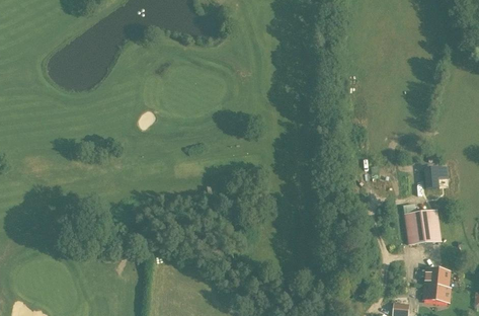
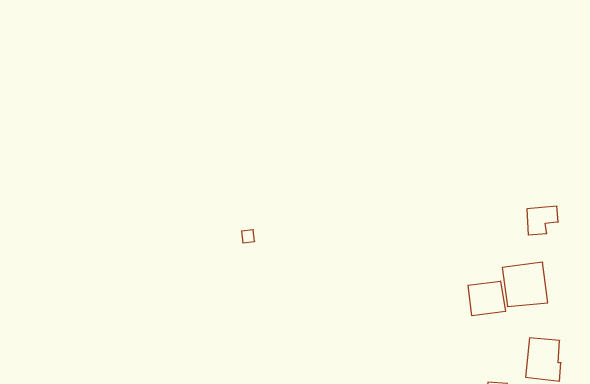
building: none -> [468,281,506,316]

